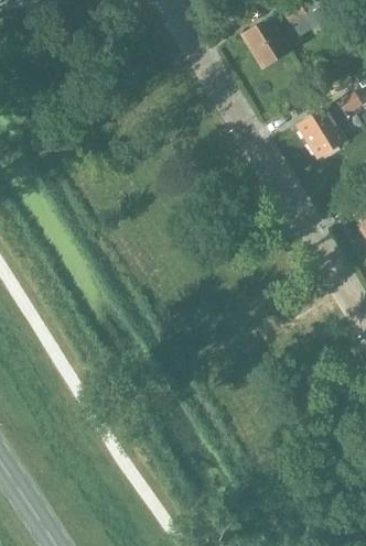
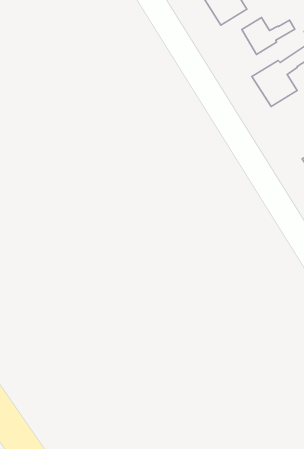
building: none -> [242,17,295,54]

